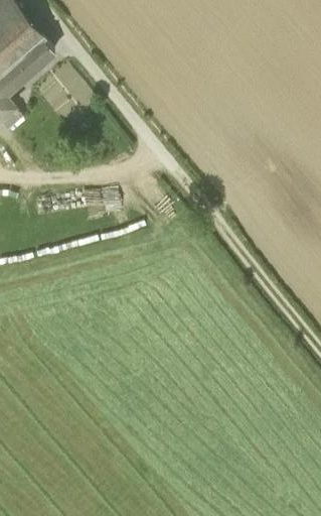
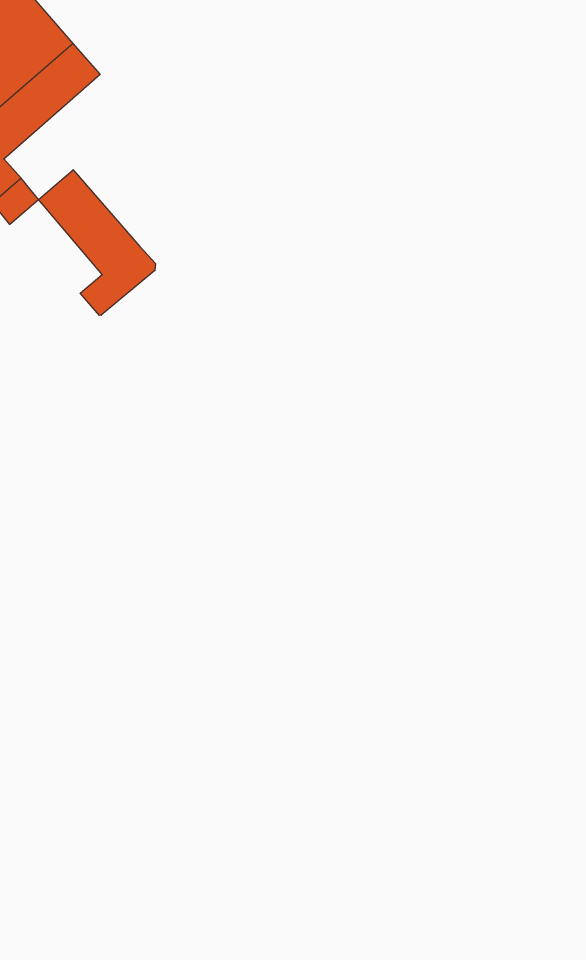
building: none -> [38,170,155,315]

